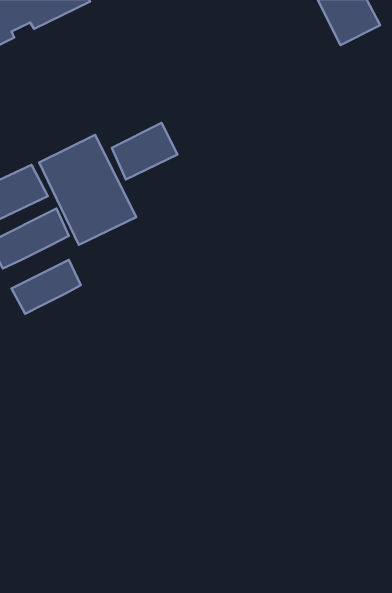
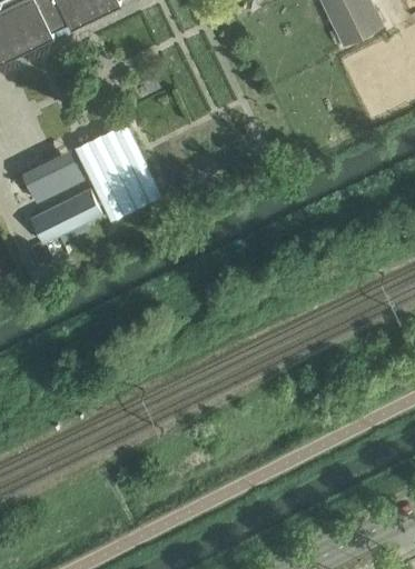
building: [112,123,177,179] -> none
building: [12,260,81,314] -> none

